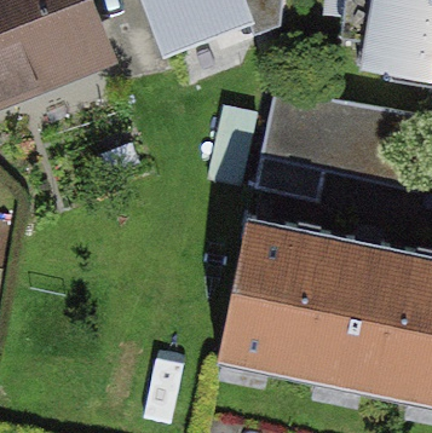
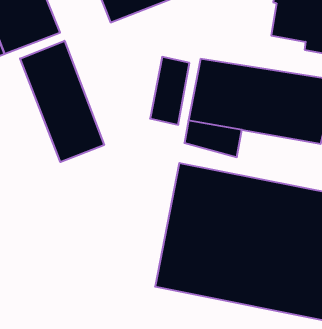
building: none -> [20,41,104,162]

